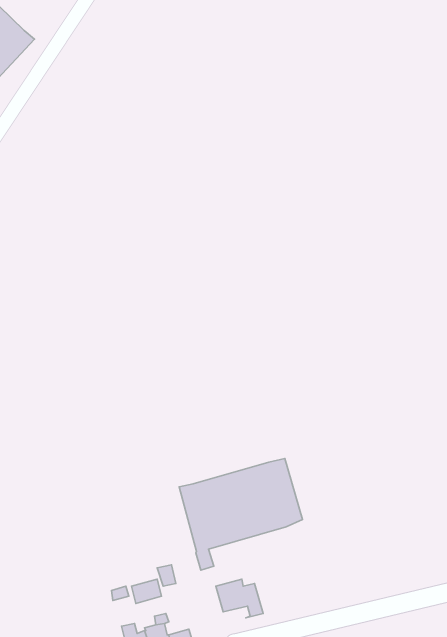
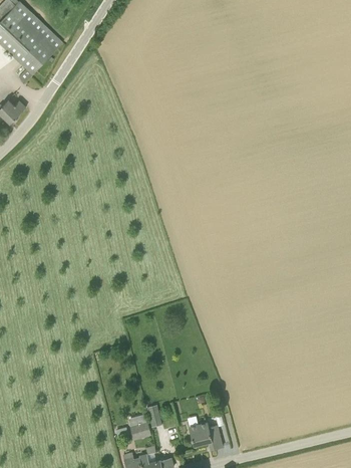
building: [179,458,302,570] -> none

